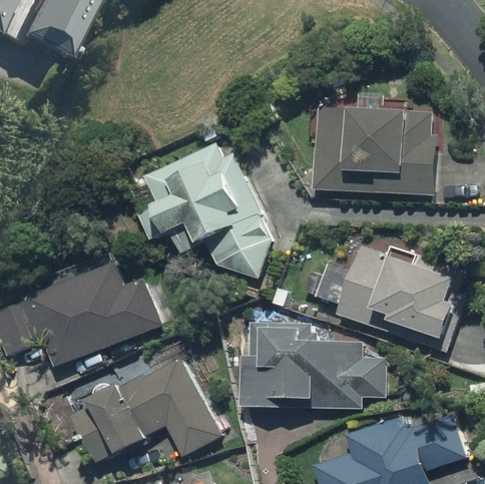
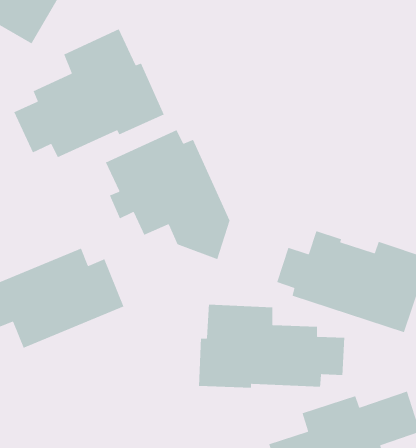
building: none -> [13,28,165,158]
building: [312,93,436,194] -> none
building: [68,355,223,466] -> none

